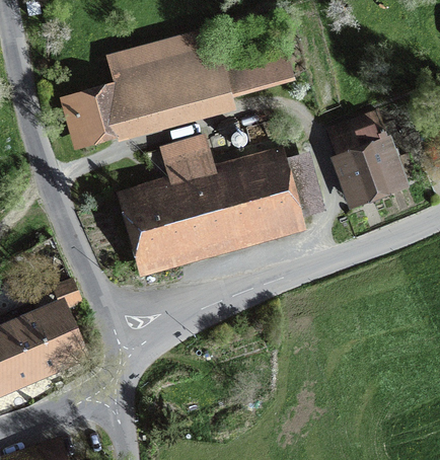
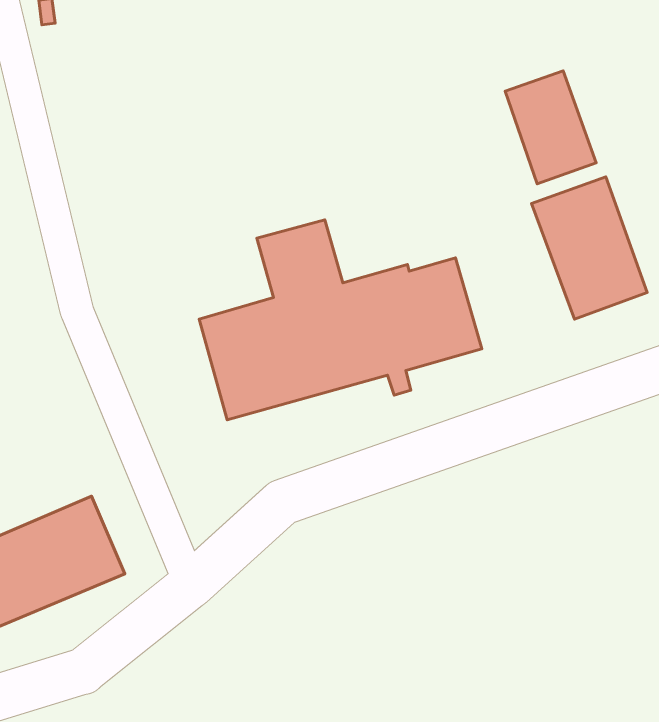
building: [69,35,288,142] -> none
building: none -> [505,71,596,184]

